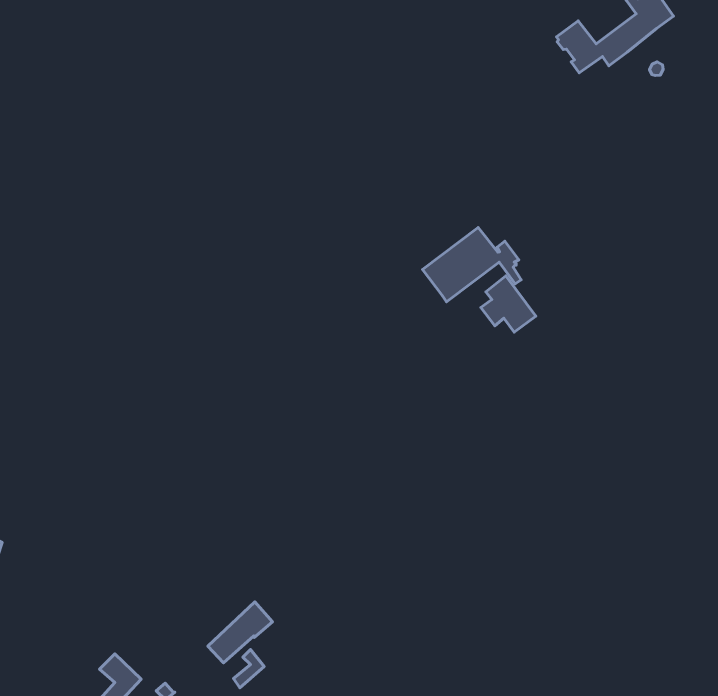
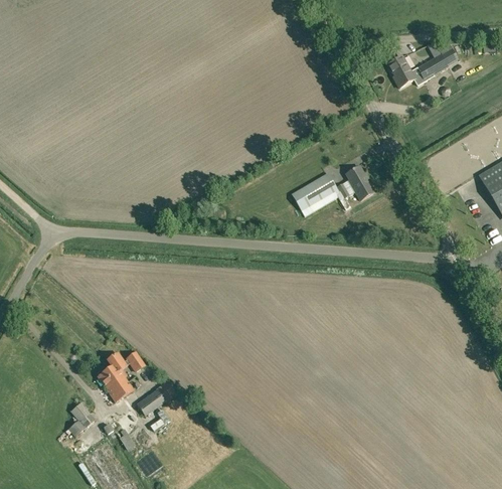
building: [481,276,536,332] -> [343,165,375,199]
building: none -> [98,351,145,401]

